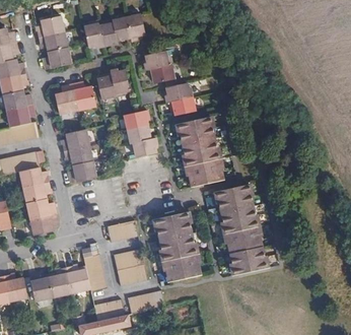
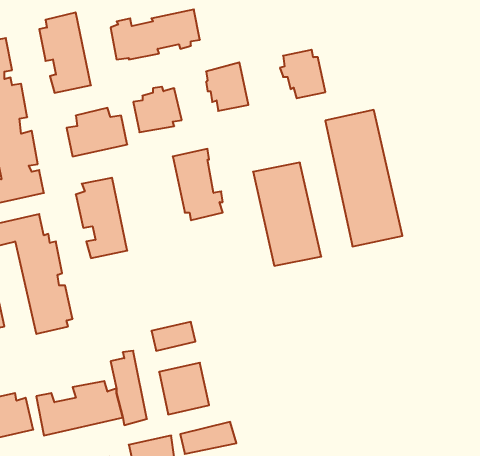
building: [165,83,196,116] -> [280,50,325,98]
building: [214,183,266,274] -> [325,110,402,246]
building: [155,211,200,281] -> none

